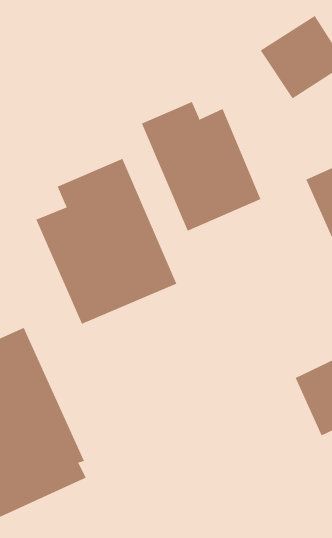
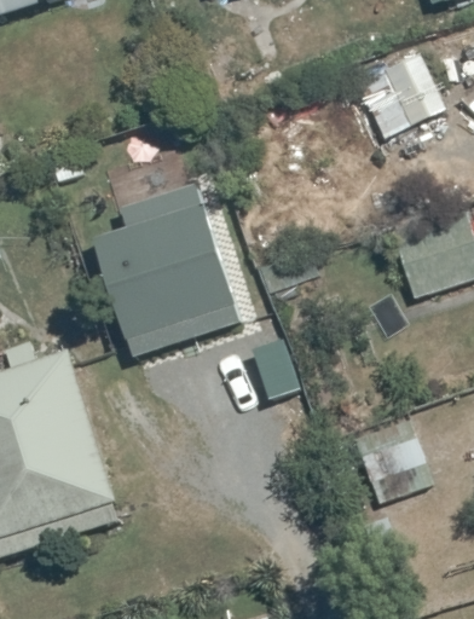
building: [141,101,261,231] -> none

